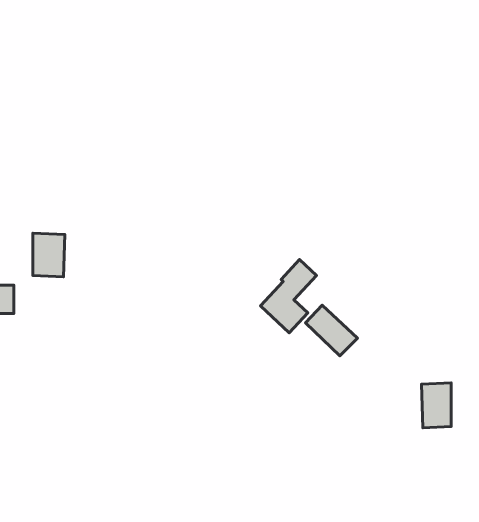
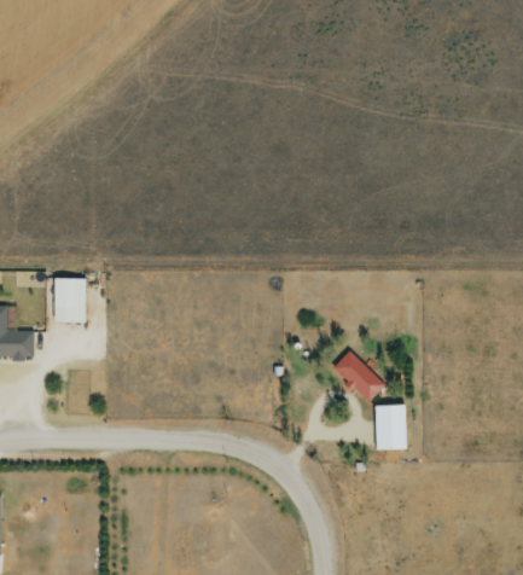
building: [260,260,316,333] -> none
building: [422,383,451,428] -> [374,403,405,449]

